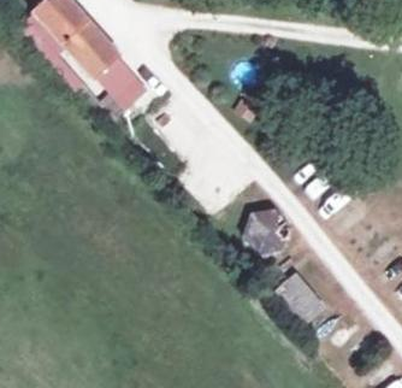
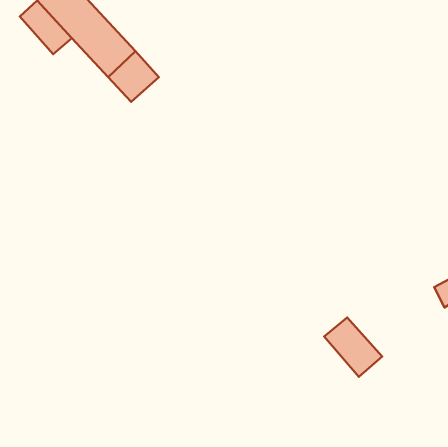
building: [244,208,290,253] -> none

